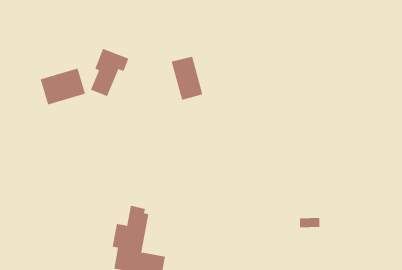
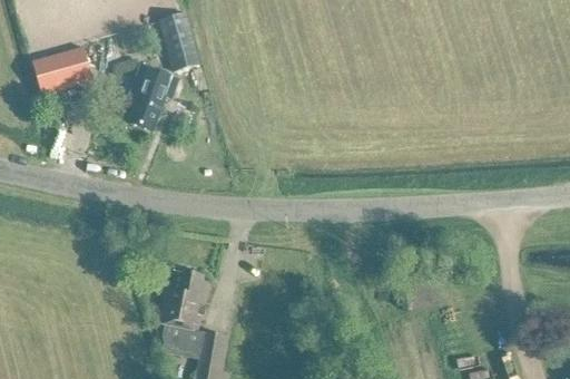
building: [171,56,203,100] -> [159,14,200,71]
building: [40,68,86,105] -> [35,47,94,95]

